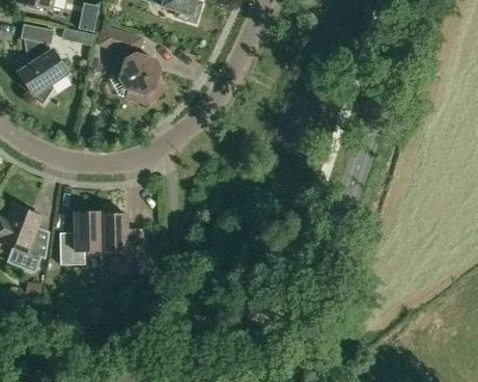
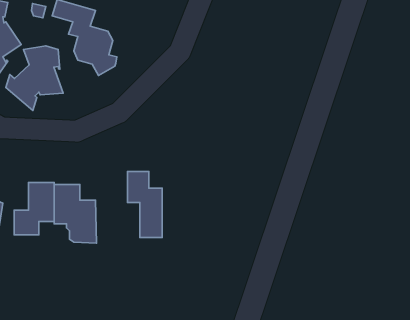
building: none -> [6,46,63,111]
building: none -> [128,171,162,237]

